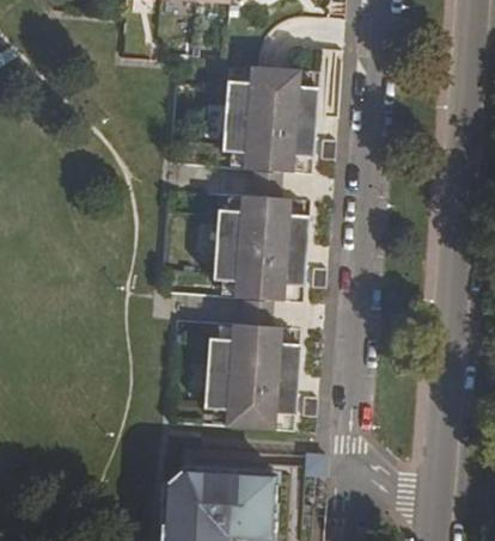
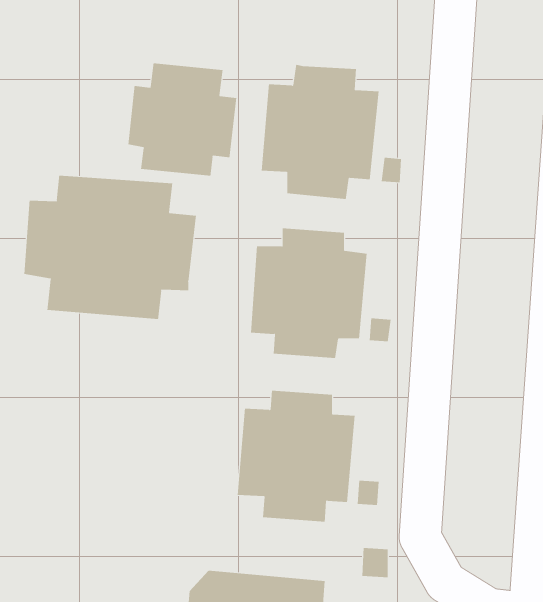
building: none -> [128,62,237,177]
building: none -> [24,175,197,320]

